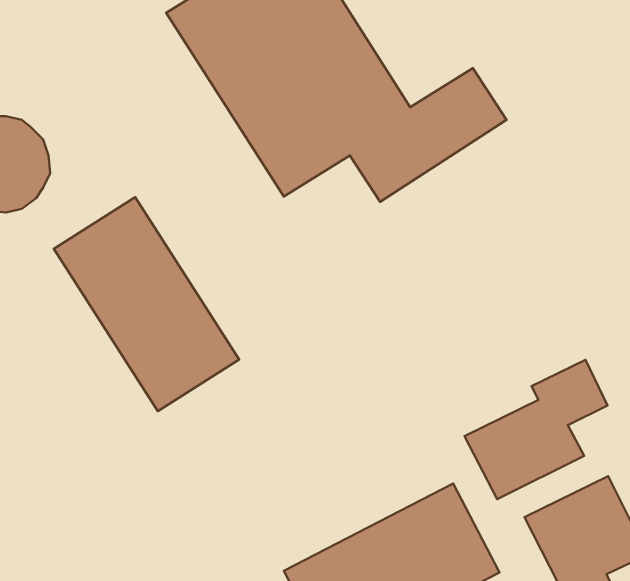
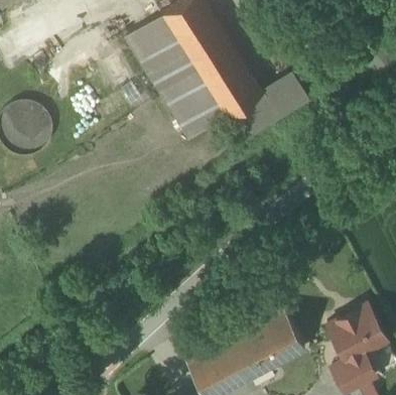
building: [54,197,239,411] -> none
building: [465,360,607,499] -> none

